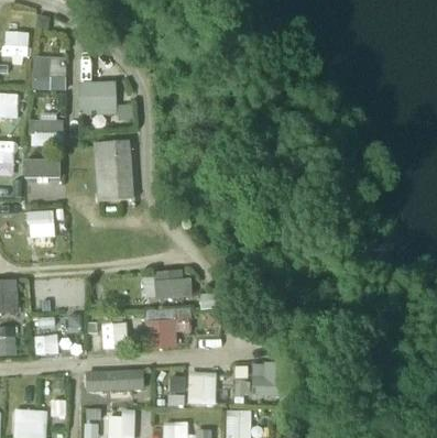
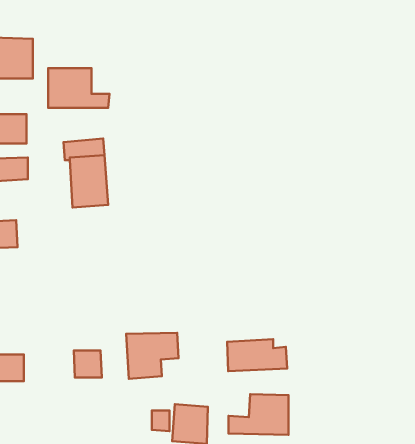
building: [142,272,194,299] -> [227,339,287,371]
building: [86,369,144,392] -> none

